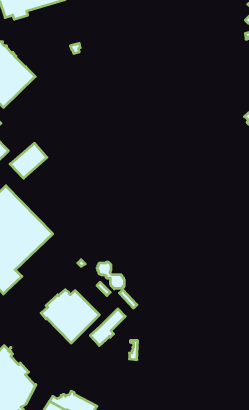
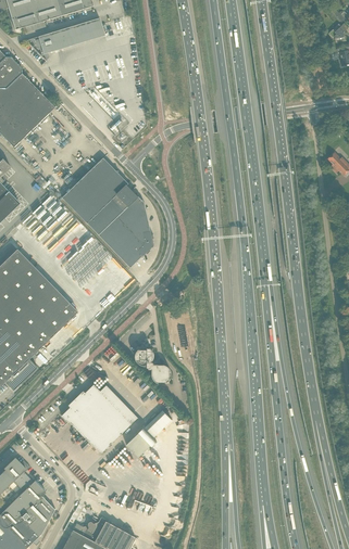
building: none -> [25,16,104,60]
building: none -> [62,157,154,267]

